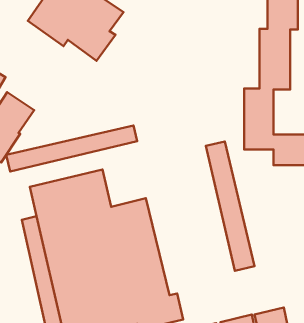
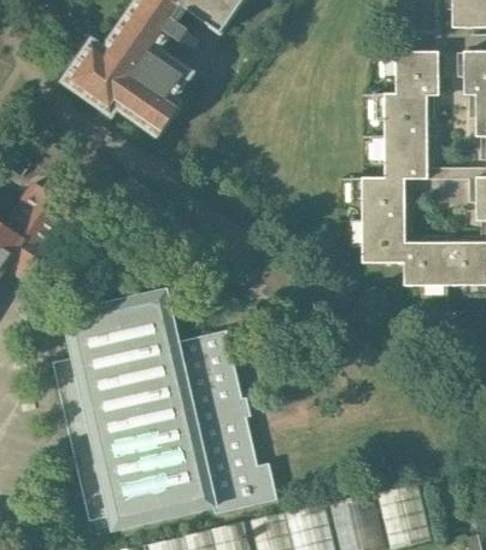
building: [6,125,137,171] -> none
building: [206,141,255,271] -> none

